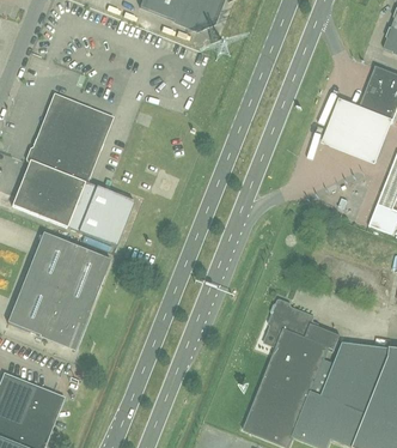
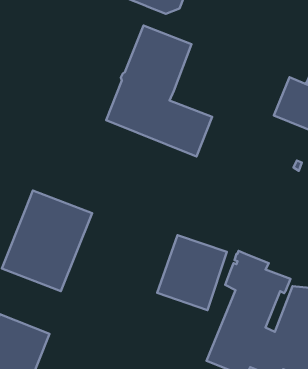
building: [12,95,134,246] -> [106,26,212,156]
building: none -> [157,235,227,310]

